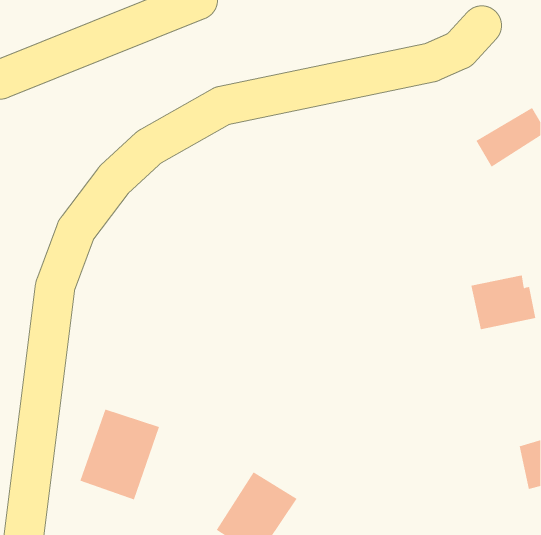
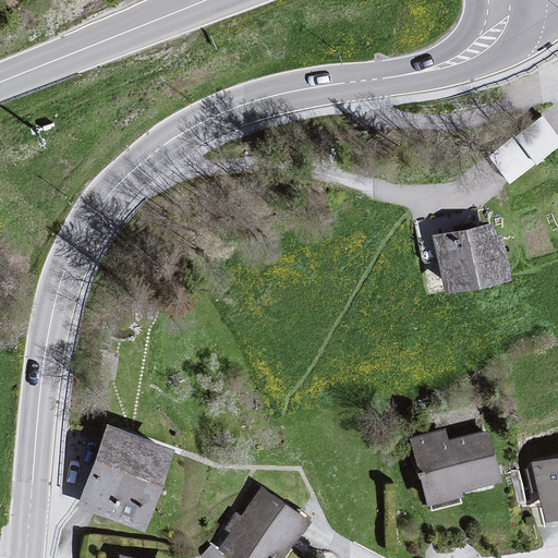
building: [471,275,536,330] -> [435,227,502,283]
building: none -> [412,434,497,500]

